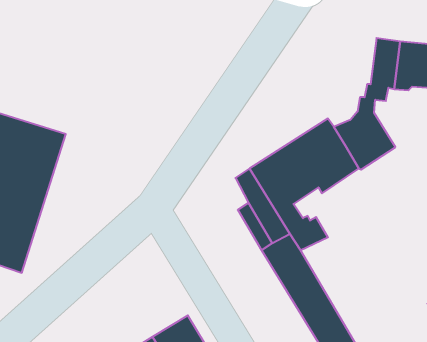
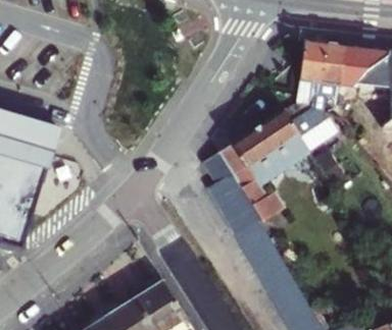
building: none -> [285,40,327,118]

